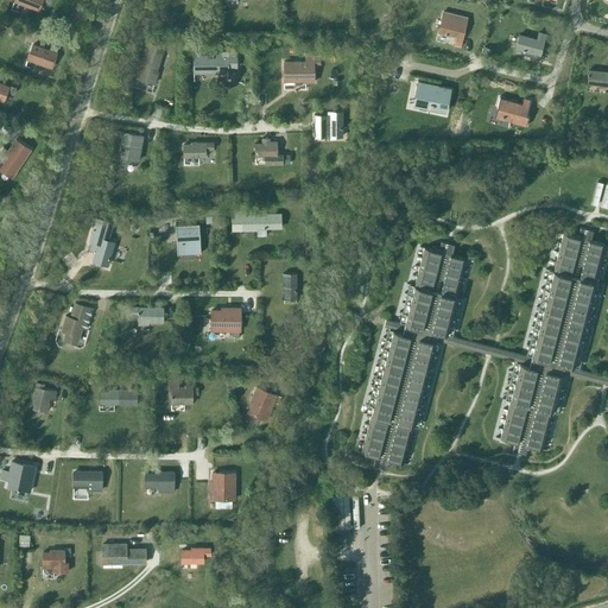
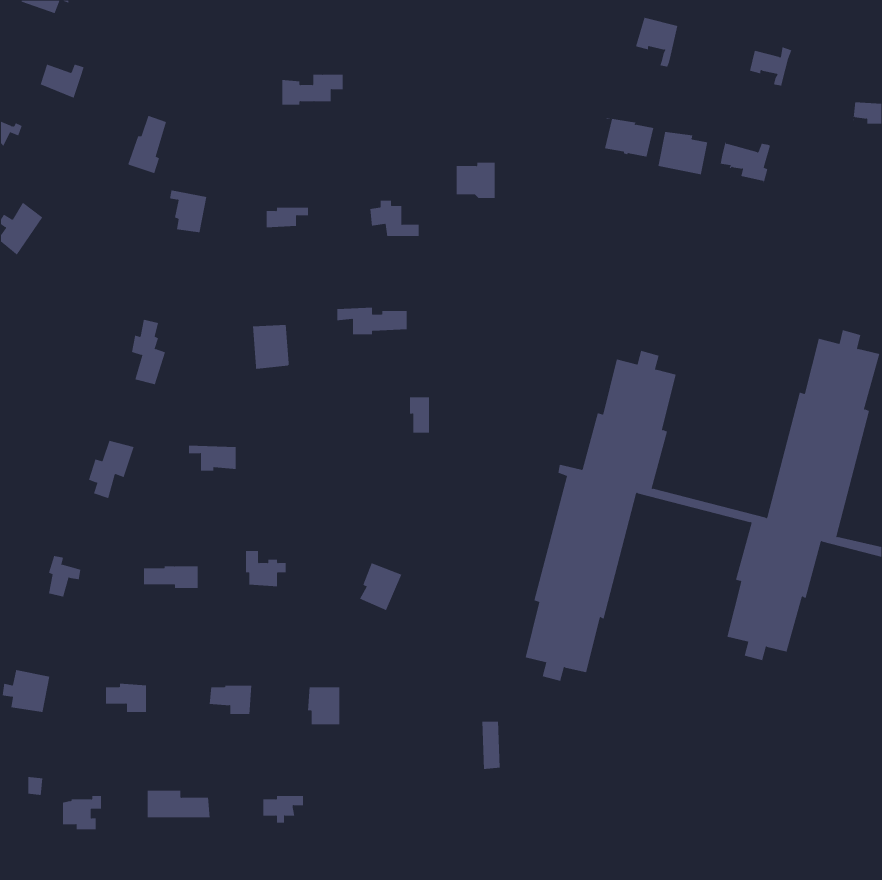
building: [135,44,163,84] -> [127,115,167,174]
building: [283,57,319,83] -> none
building: none -> [658,131,708,175]
building: [210,309,240,331] -> none

